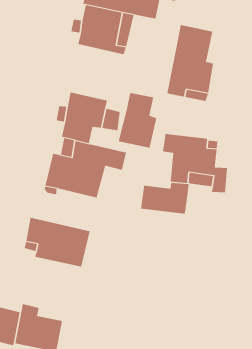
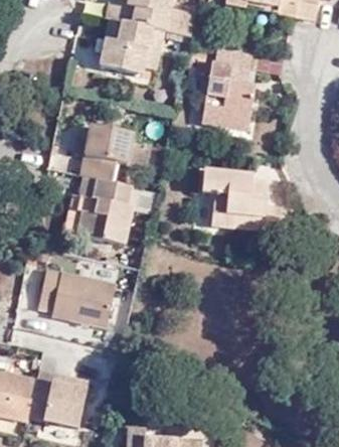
building: [118,92,157,148] -> none
building: [141,182,189,214] -> none

